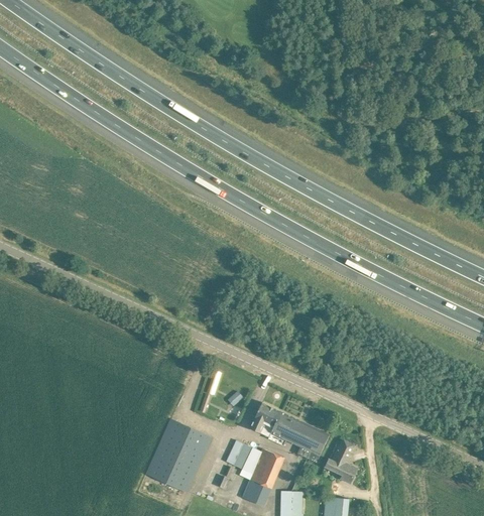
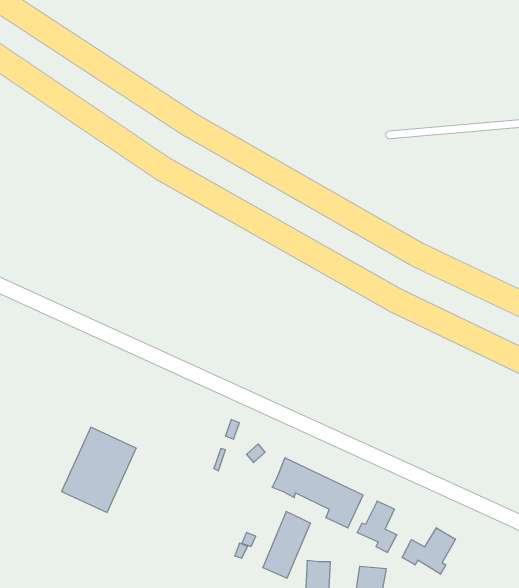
building: [147,418,212,492] -> [62,427,136,513]
building: [226,440,252,469] -> none
building: none -> [402,528,456,574]

